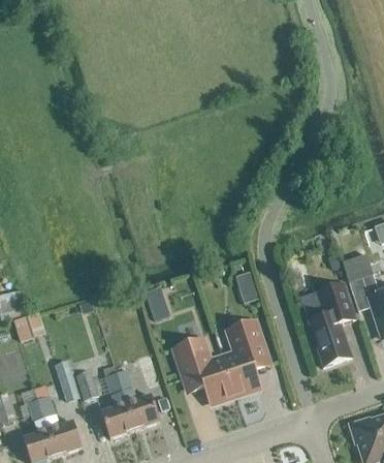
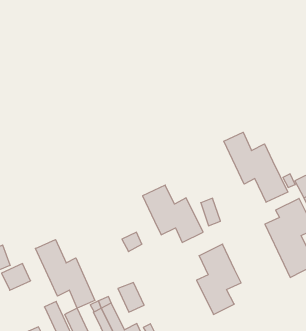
building: none -> [224,132,288,202]
building: none -> [35,240,95,308]
building: [174,339,234,403] -> [143,185,203,242]

